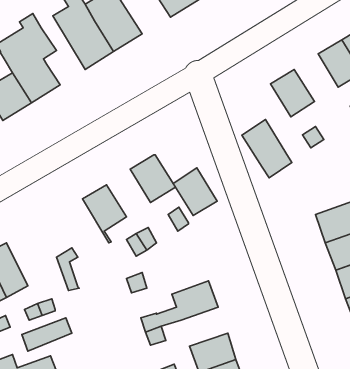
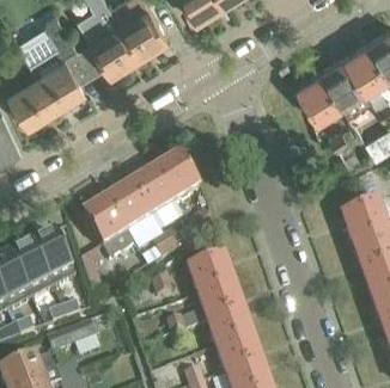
building: [242,120,292,178] -> [321,58,371,117]
building: [173,168,217,216] -> [132,174,176,222]
building: none -> [83,204,134,263]
building: none -> [31,236,77,291]
building: none -> [188,260,234,300]
building: none -> [207,313,254,352]

